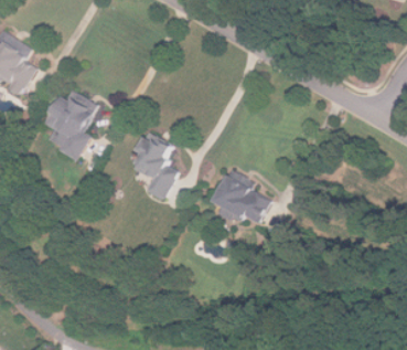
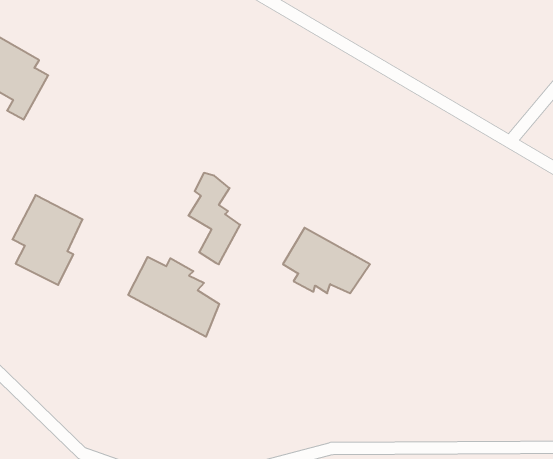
building: [46,92,97,157] -> [12,195,83,285]
building: none -> [128,257,219,337]

